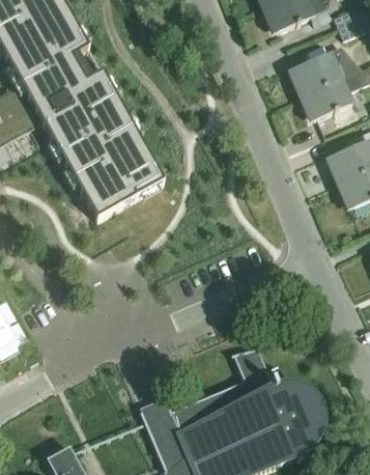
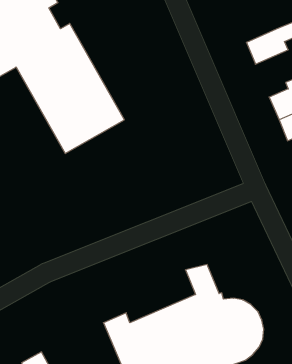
building: [291,54,340,94] -> none

